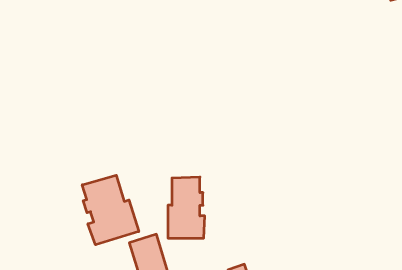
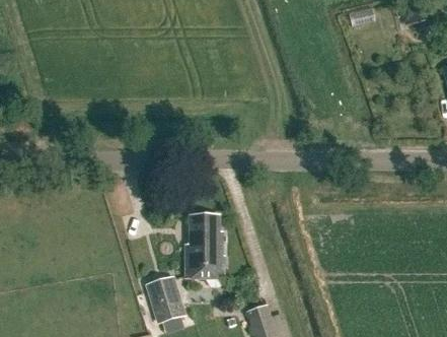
building: [82,175,139,245] -> none

